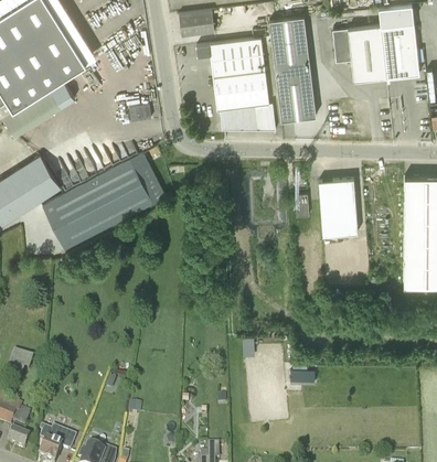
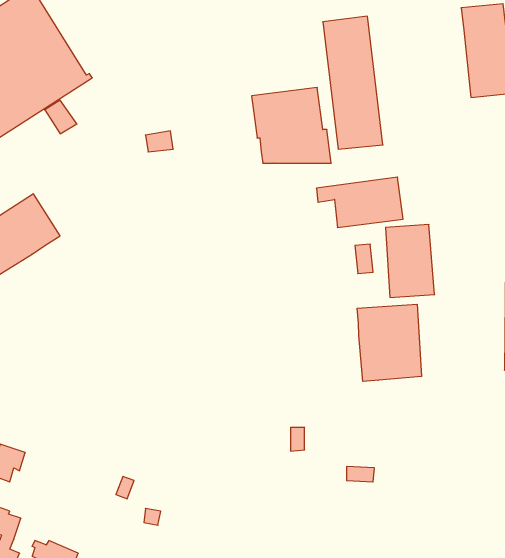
building: [178,10,214,36] -> none
building: [331,25,385,82] -> none
building: [195,37,264,77] -> [316,177,403,227]
building: [42,153,164,248] -> none
building: none -> [357,304,422,381]

